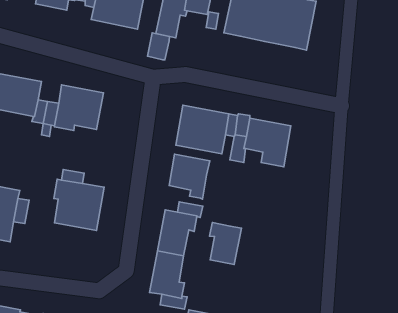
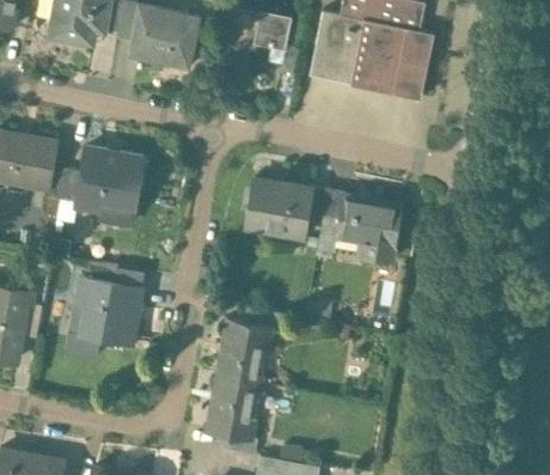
building: [148,33,169,60] -> none
building: [169,154,210,199] -> none
building: [209,222,241,264] -> none

